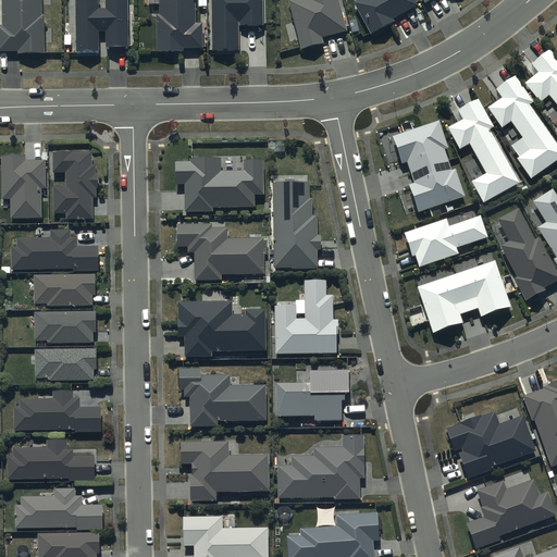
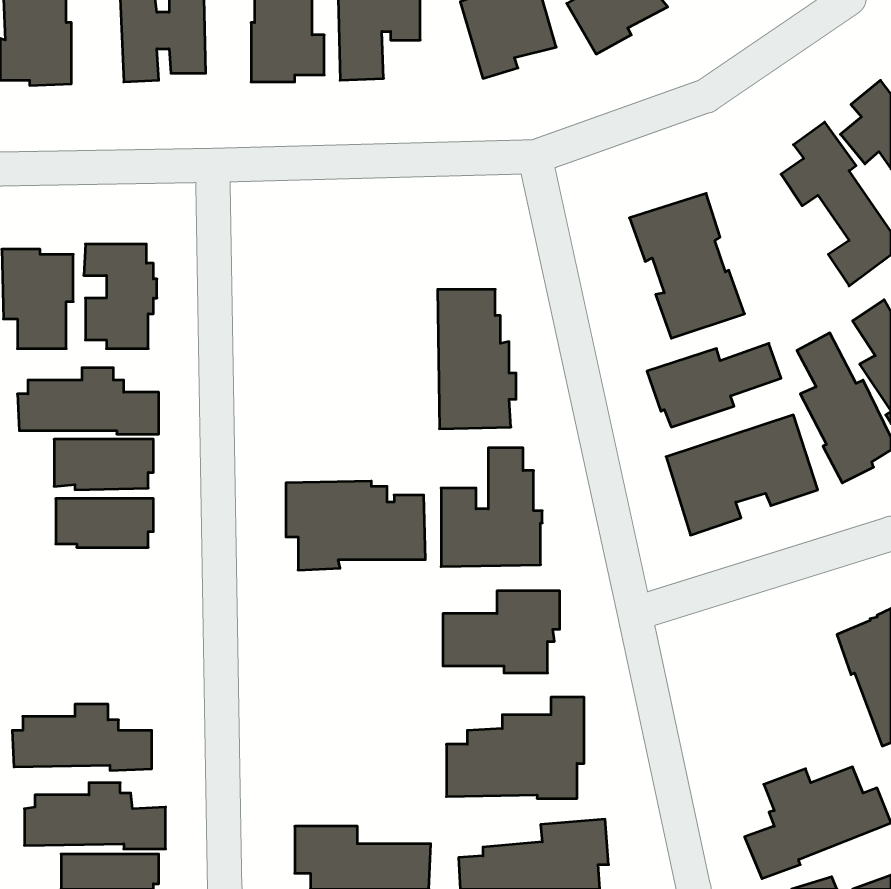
building: [448,99,519,201] -> none
building: [176,157,263,211] -> none
building: [176,223,264,280] -> none
building: [35,348,96,380] -> none
building: [180,368,265,425] -> none
building: [14,391,102,431] -> none
building: [446,411,535,479] -> none
building: [181,441,269,500] -> none

